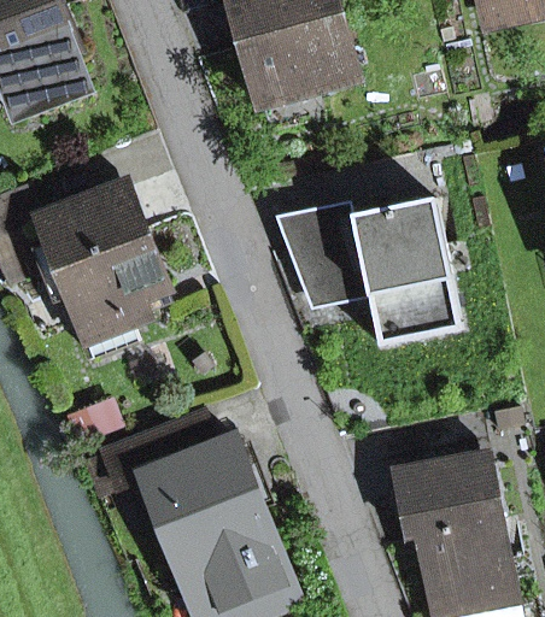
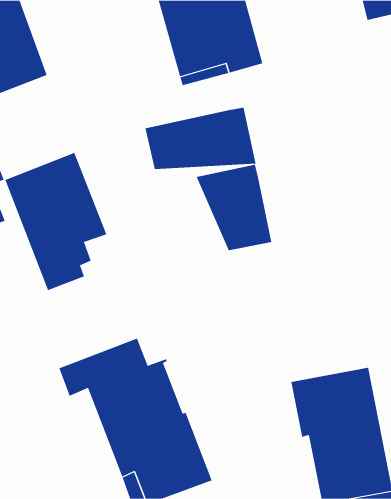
building: none -> [145,107,256,170]
building: [353,200,462,348] -> none

